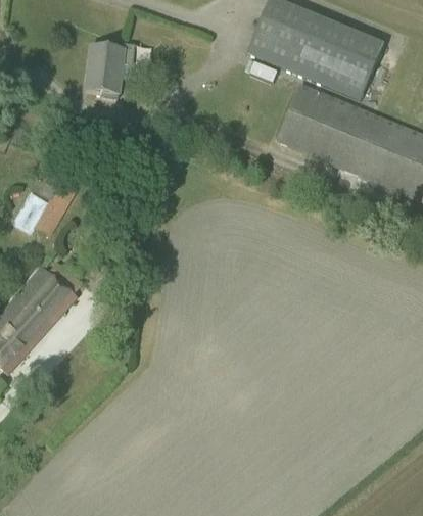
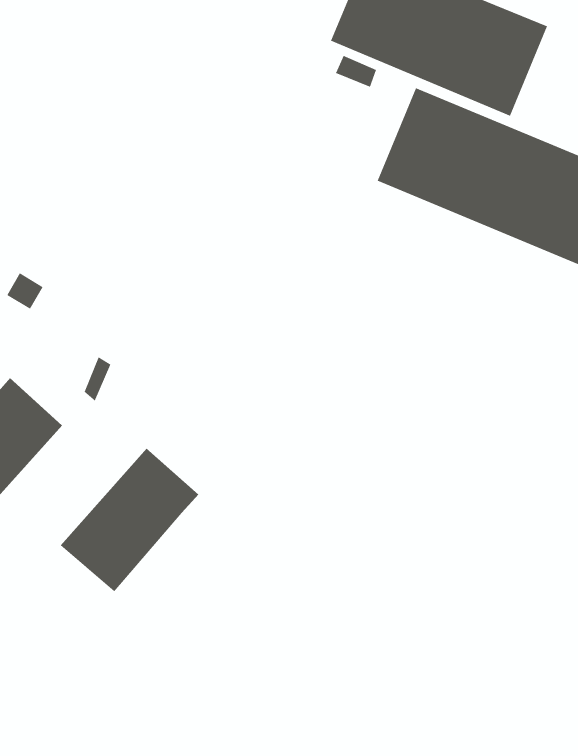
building: [86,43,136,98] -> none
building: none -> [60,448,199,592]

